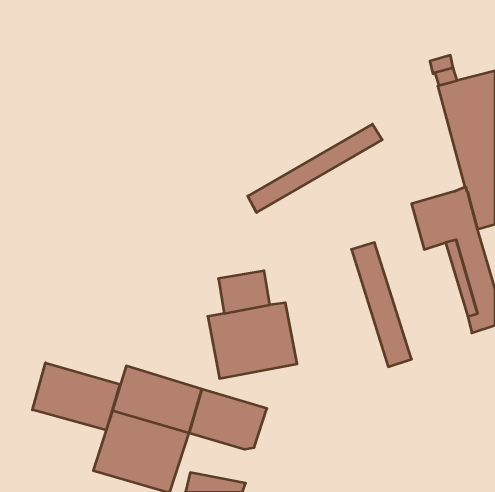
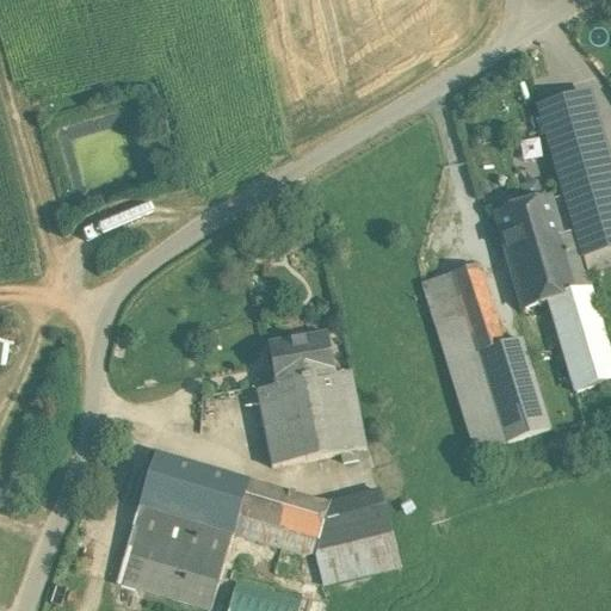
building: [248,124,382,213] -> none
building: none -> [495,196,560,251]
building: none -> [420,264,549,442]
building: [32,363,120,430] -> none
building: none -> [313,488,399,581]

